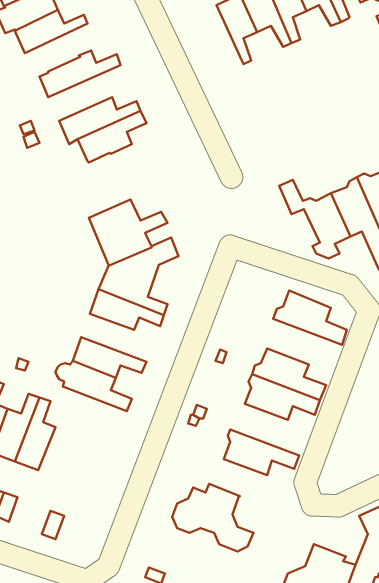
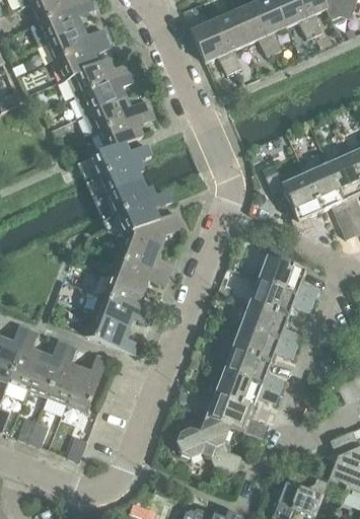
building: none -> [191,20,234,72]
building: none -> [54,35,111,80]
building: none -> [73,70,137,116]
building: none -> [88,142,150,196]
building: none -> [100,275,157,314]
building: none -> [254,279,315,316]
building: none -> [223,349,285,391]
building: none -> [65,355,106,412]
building: none -> [206,394,267,437]

